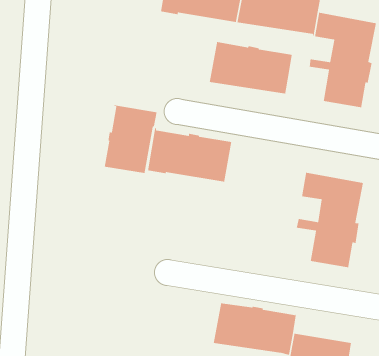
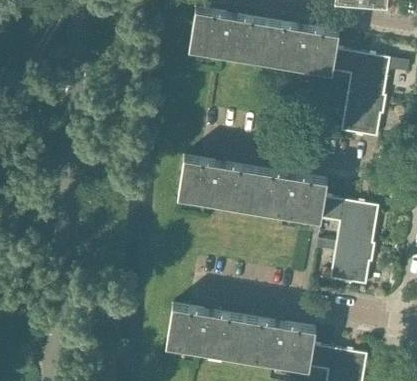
building: [209,41,293,96] -> [248,171,326,222]
building: [104,105,157,174] -> none
building: none -> [166,307,244,358]

